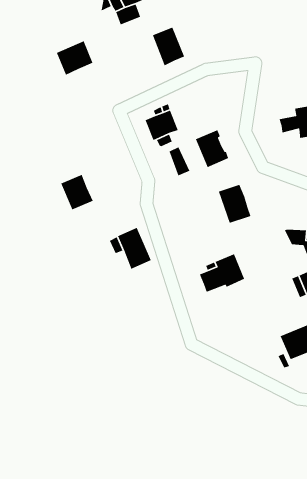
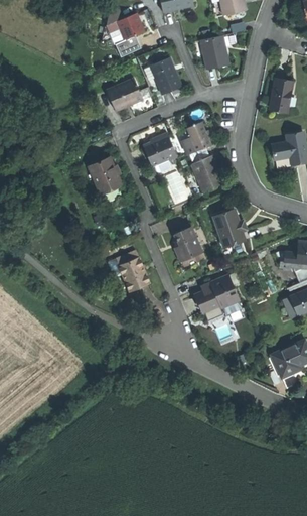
building: none -> [200,35,229,70]
building: [56,40,94,76] -> [107,77,143,111]
building: none -> [271,78,293,112]
building: none -> [186,122,211,151]
building: [60,174,94,211] -> [89,157,121,192]
building: none -> [175,227,202,261]

